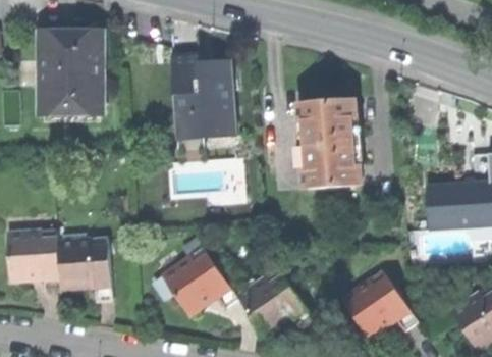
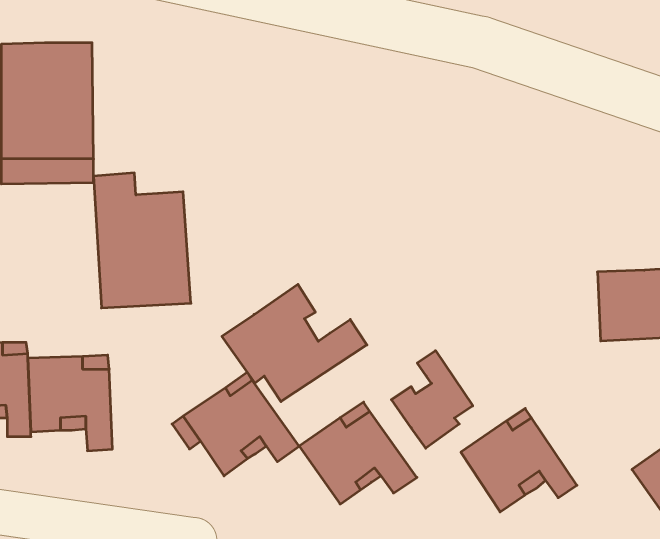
building: [173,49,236,137] -> [94,173,191,308]
building: [304,97,363,186] -> none
building: none -> [222,284,367,402]
building: none -> [391,351,473,448]

